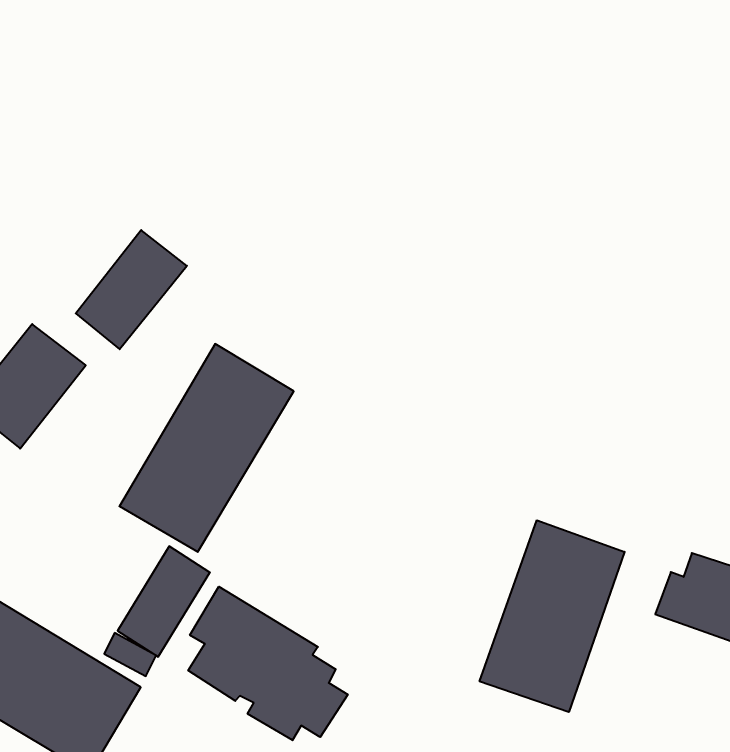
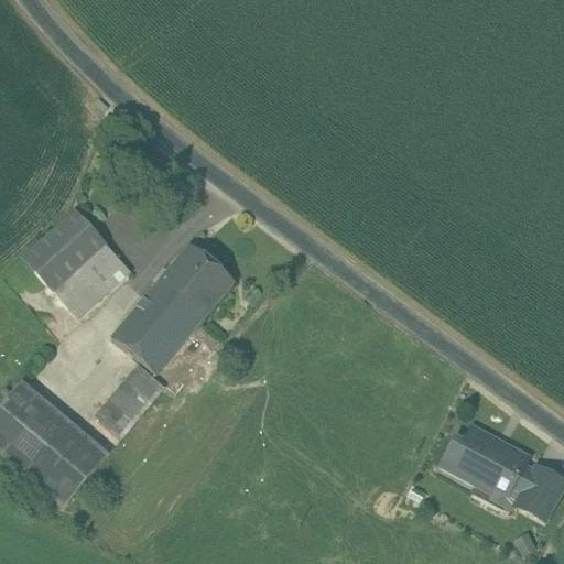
building: [76,230,187,349] -> [54,242,130,316]
building: [480,520,625,712] -> none
building: [188,587,348,740] -> none

